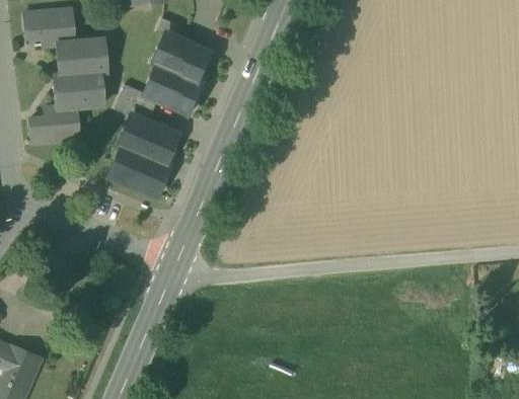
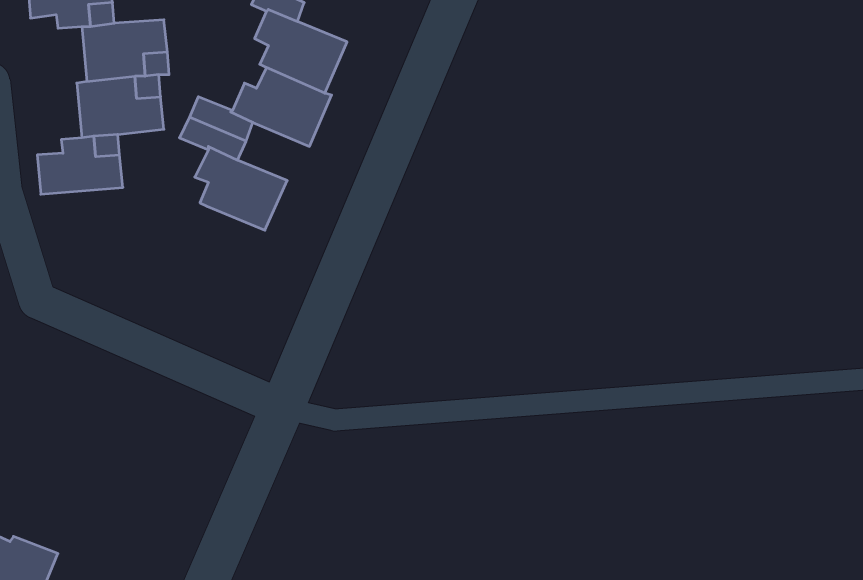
building: [107,150,167,195] -> none

